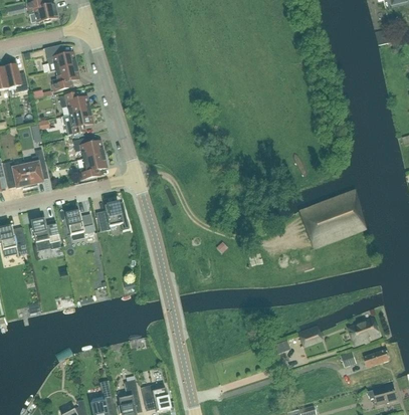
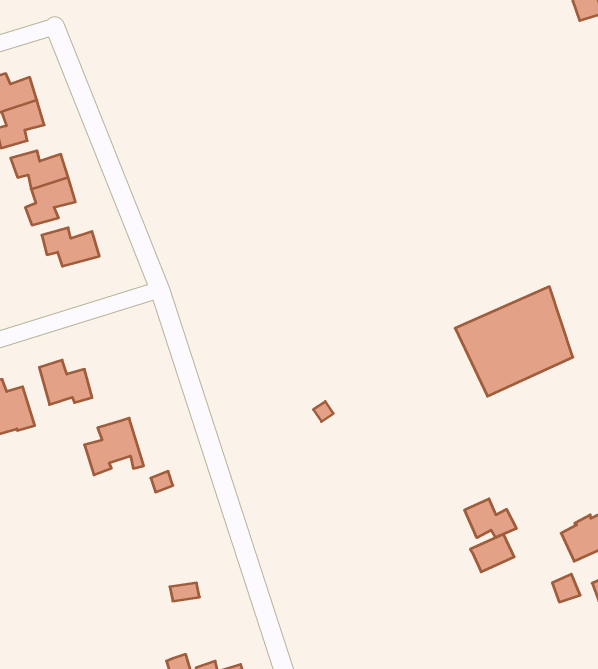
building: [78,154,107,179] -> none
building: [95,201,128,231] -> [84,418,144,475]
building: none -> [465,499,516,538]

